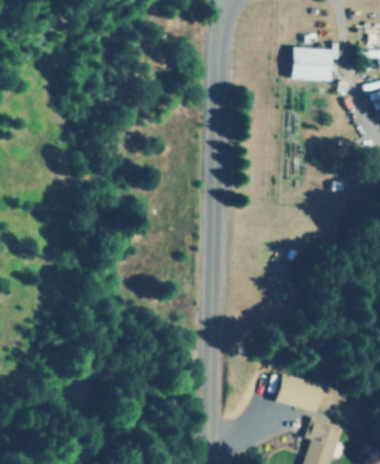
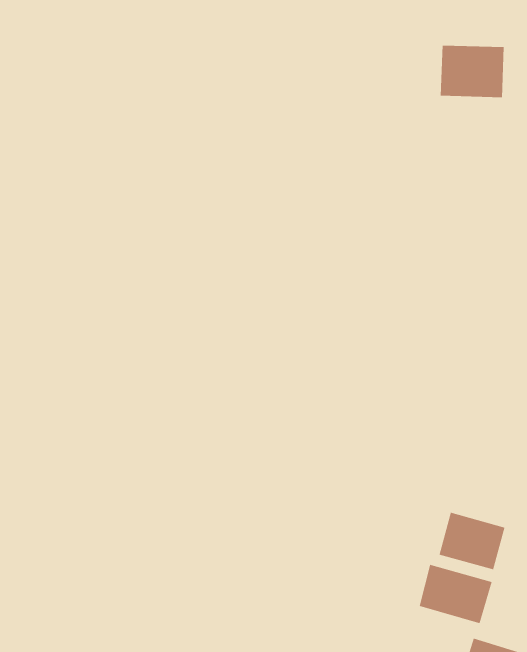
building: none -> [439,512,505,570]

